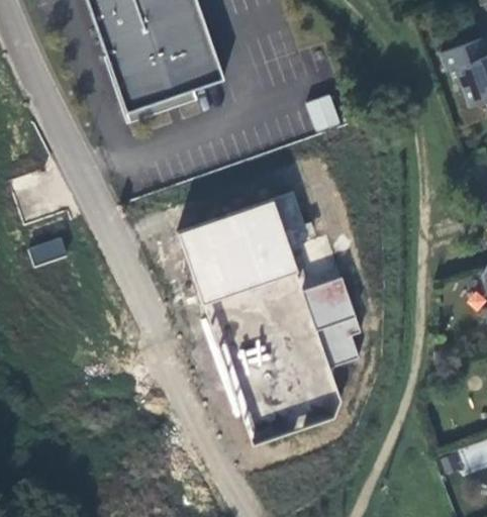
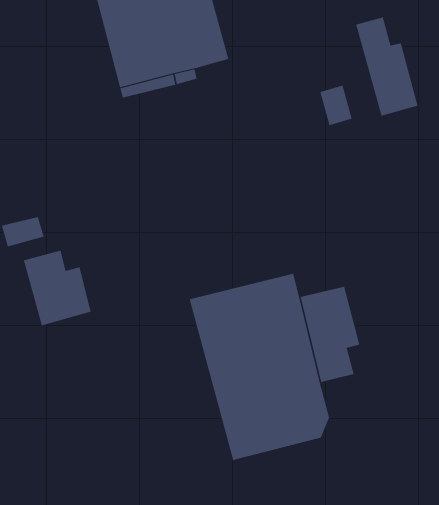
building: none -> [355,17,418,117]
building: [181,190,316,299] -> none
building: none -> [23,250,91,326]

